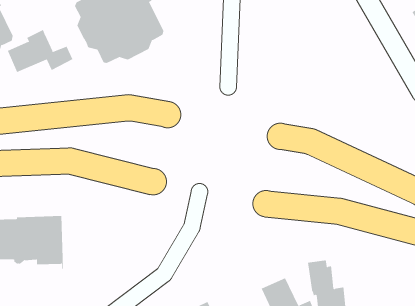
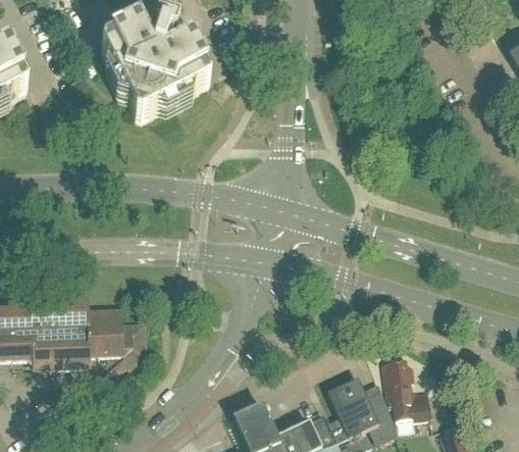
building: [7,29,73,73] -> none
building: none -> [85,303,145,398]

